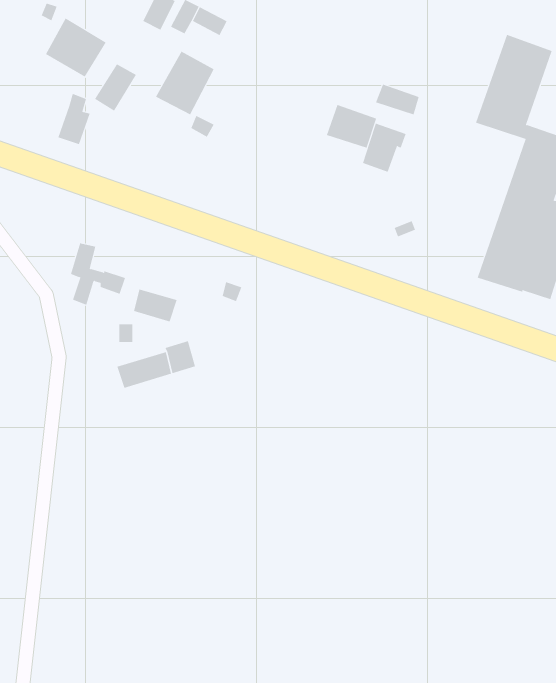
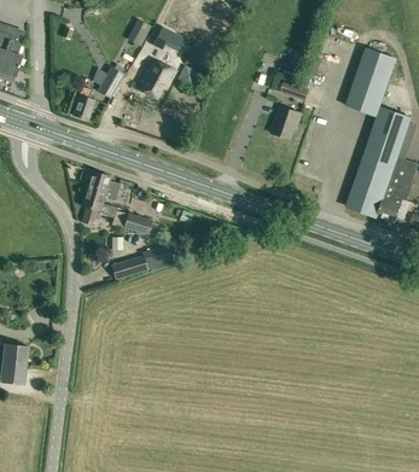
building: [45,18,106,78] -> none
building: [326,104,377,149] -> none
building: none -> [87,170,120,203]

